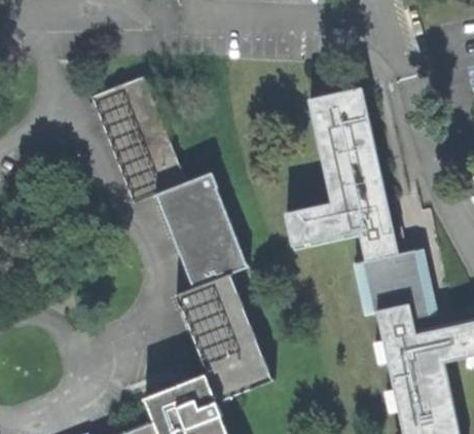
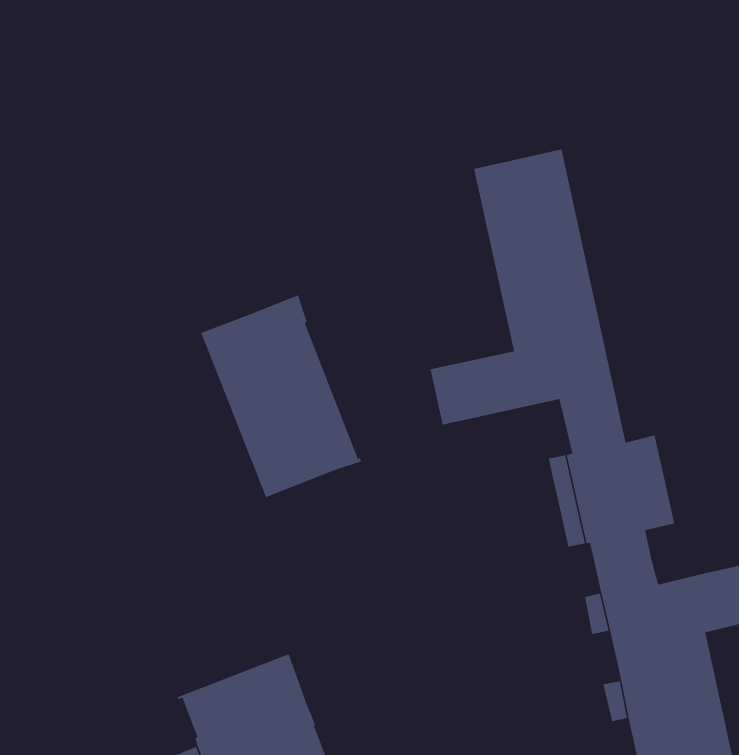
building: [89,75,186,203] -> none
building: [408,249,436,320] -> none
building: [174,272,275,403] -> none

